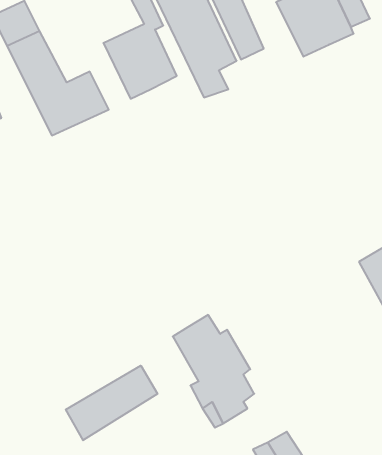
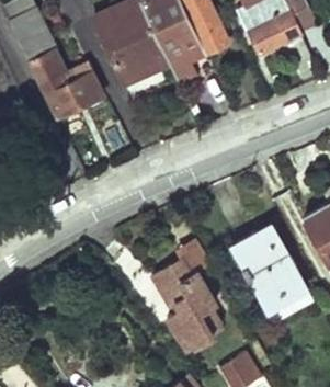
building: none -> [234,225,306,308]
building: [66,366,157,440] -> none

